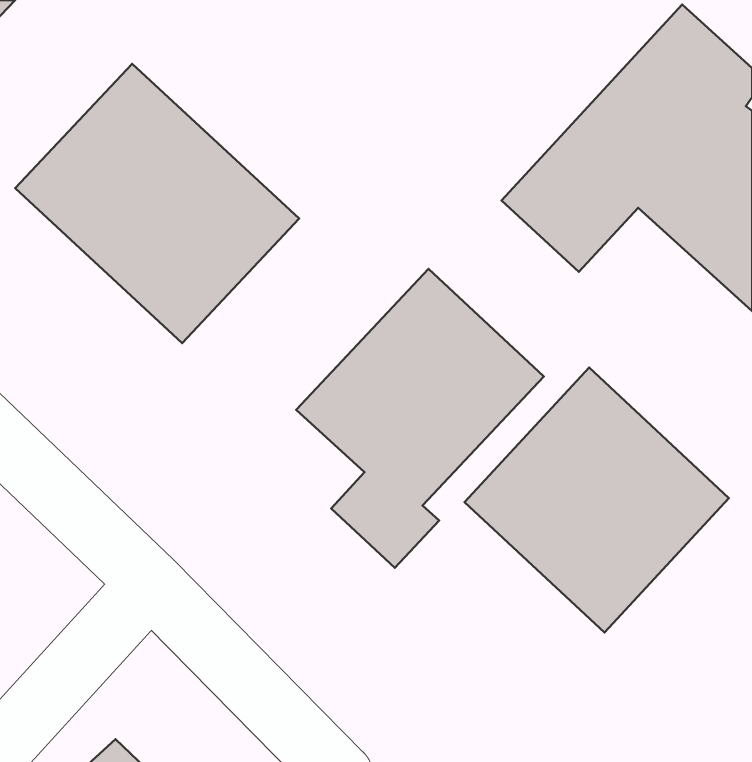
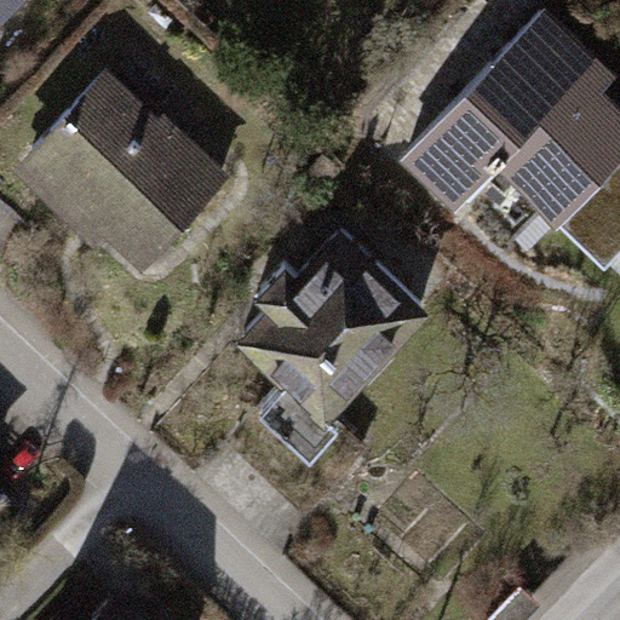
building: [465,368,729,633] -> none

